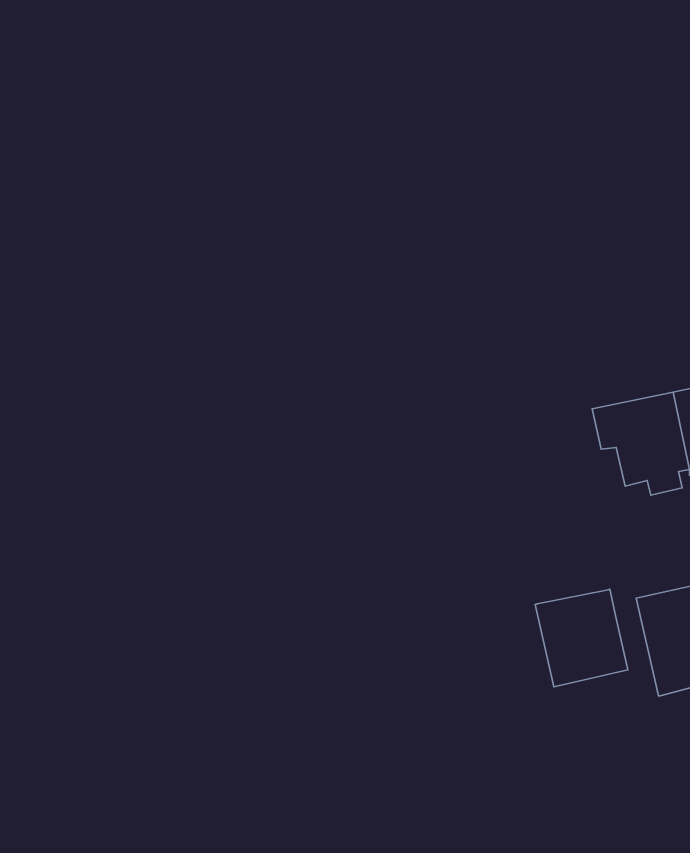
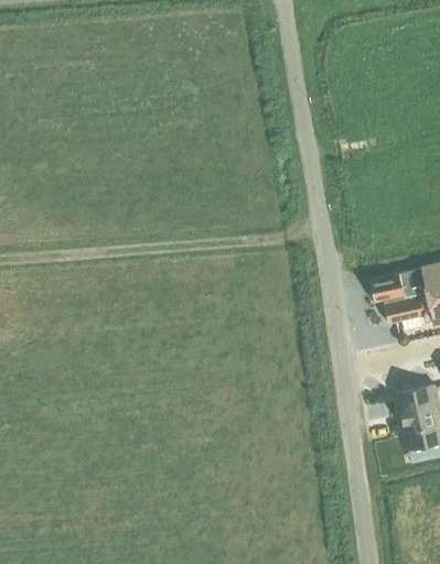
building: [535,589,628,687] -> none

